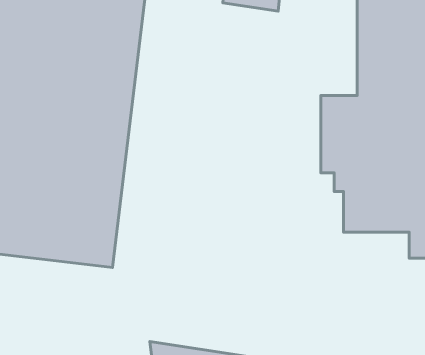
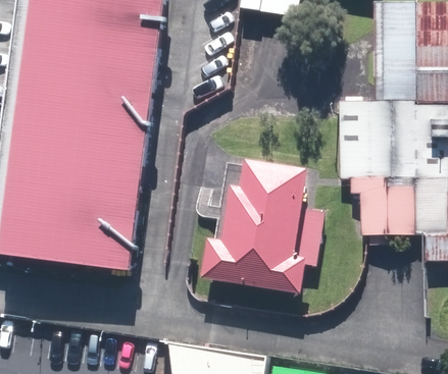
building: none -> [201,160,322,293]

